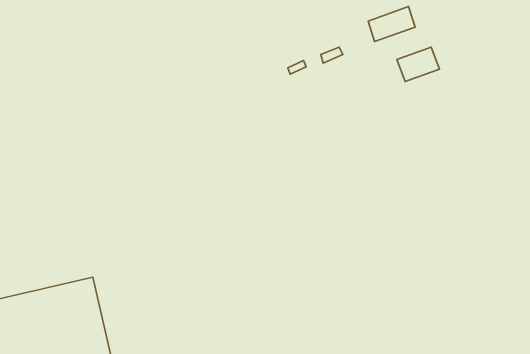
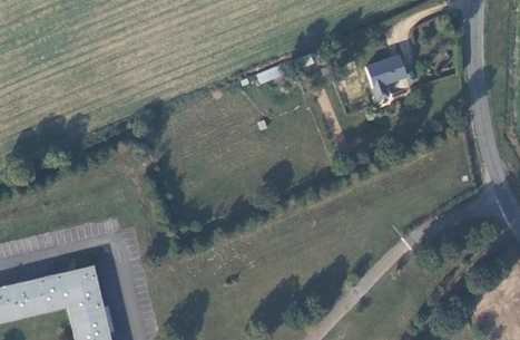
building: [368,7,415,42] -> none

